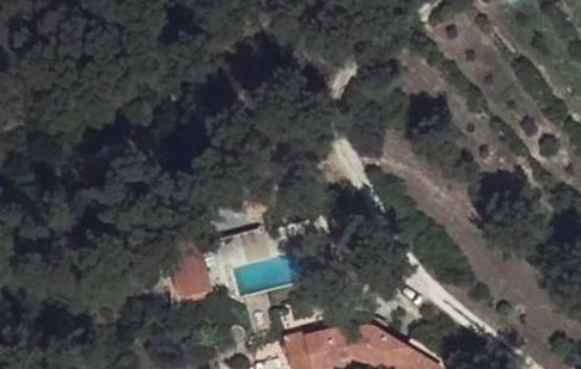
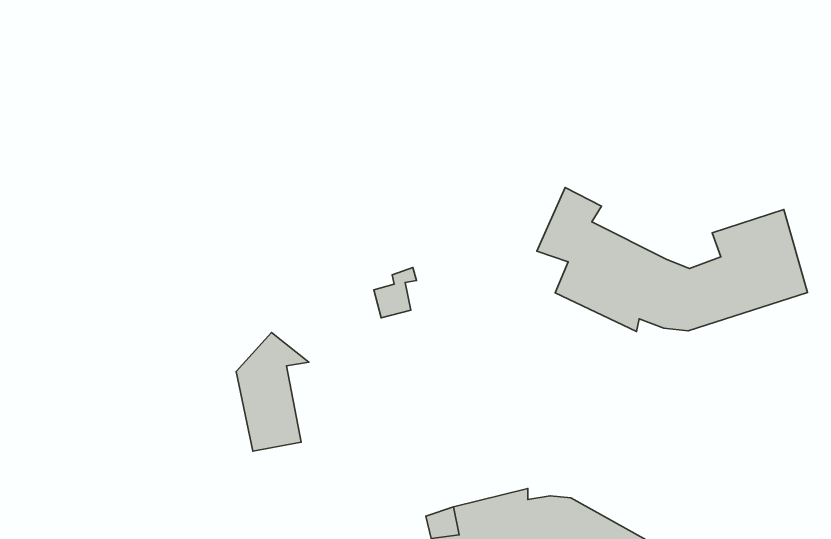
building: none -> [537,188,807,332]

